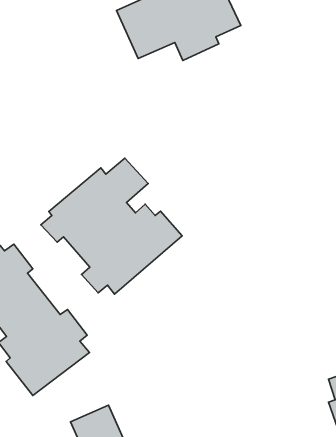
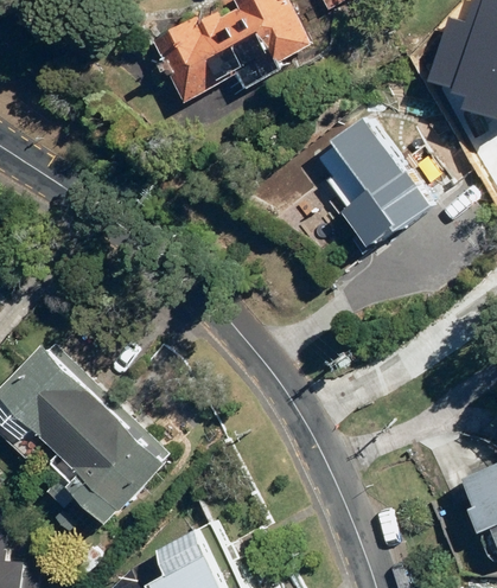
building: none -> [327,114,431,248]
building: [41,158,182,294] -> none

